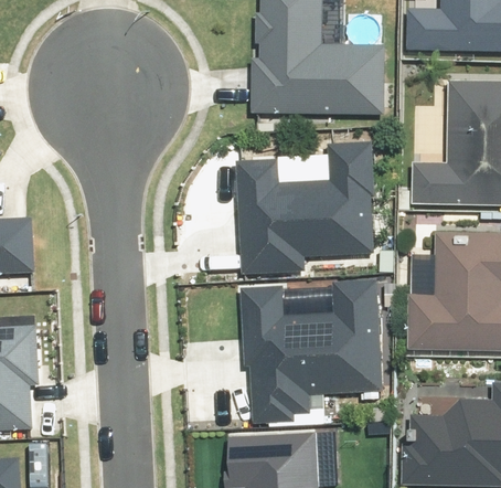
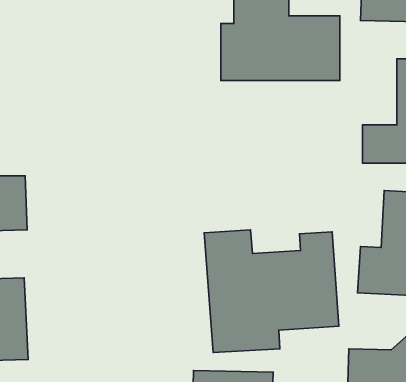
building: [225,144,383,267] -> none

